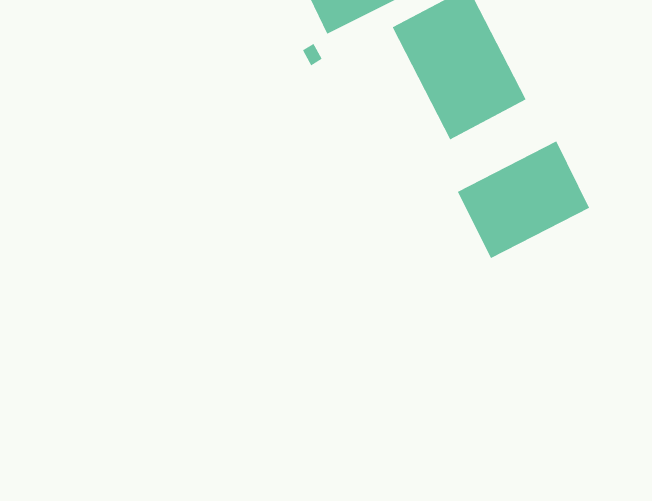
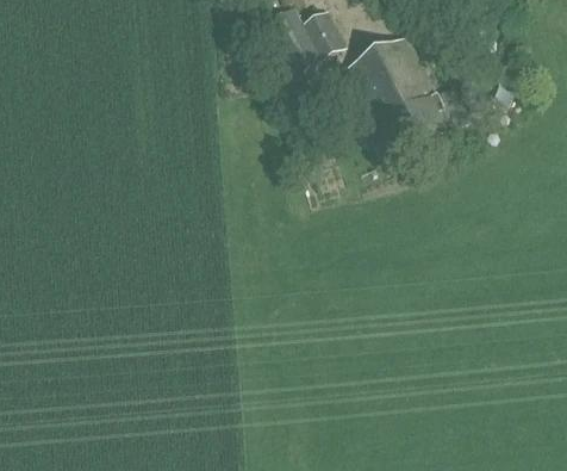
building: [457,141,590,259] -> none

